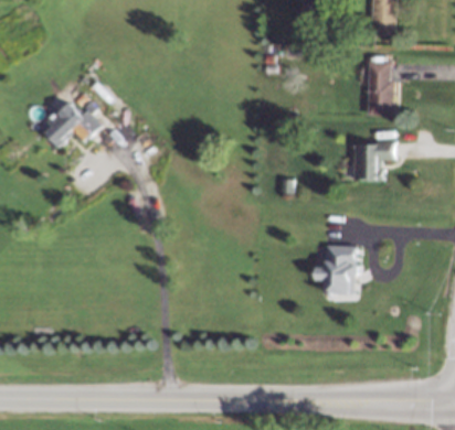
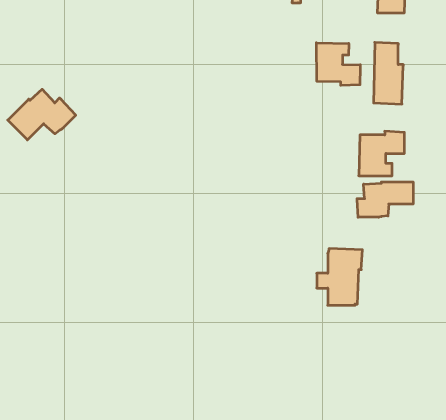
building: none -> [316,43,360,85]
building: none -> [357,182,413,217]

